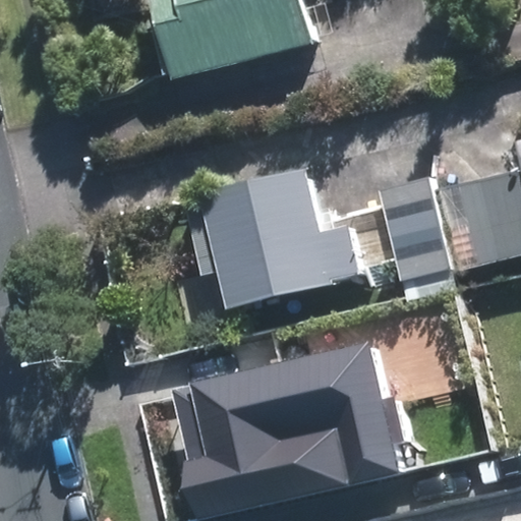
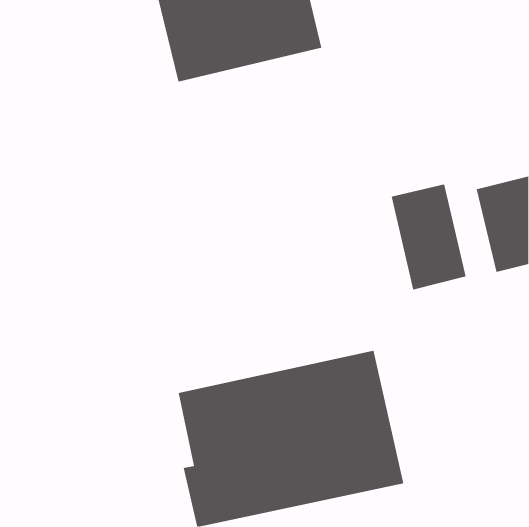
building: [185,169,359,309] -> none

